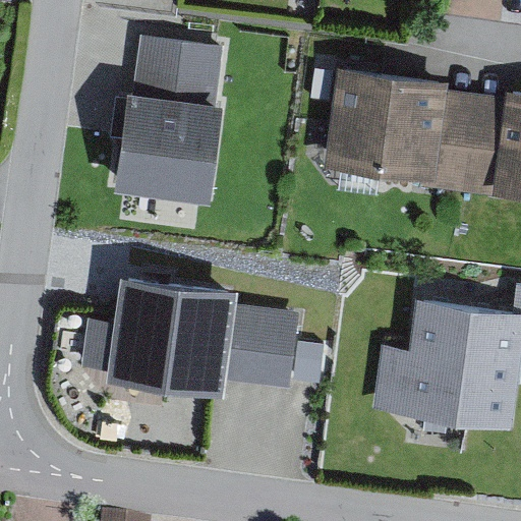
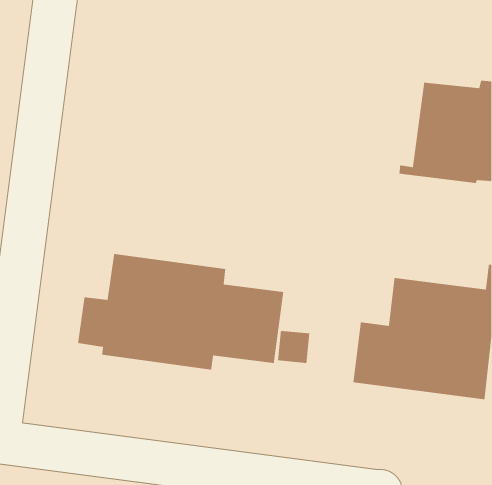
building: [115,38,225,201] -> none
building: [326,68,449,183] -> none

